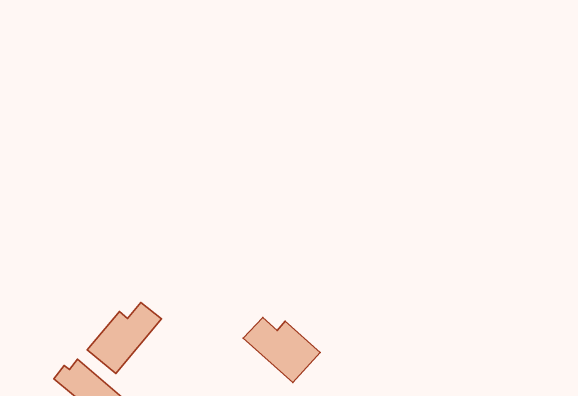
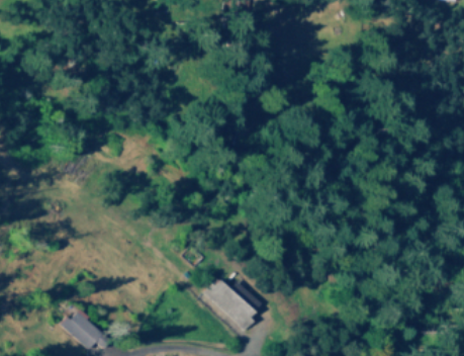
building: [87,303,161,373] -> none

